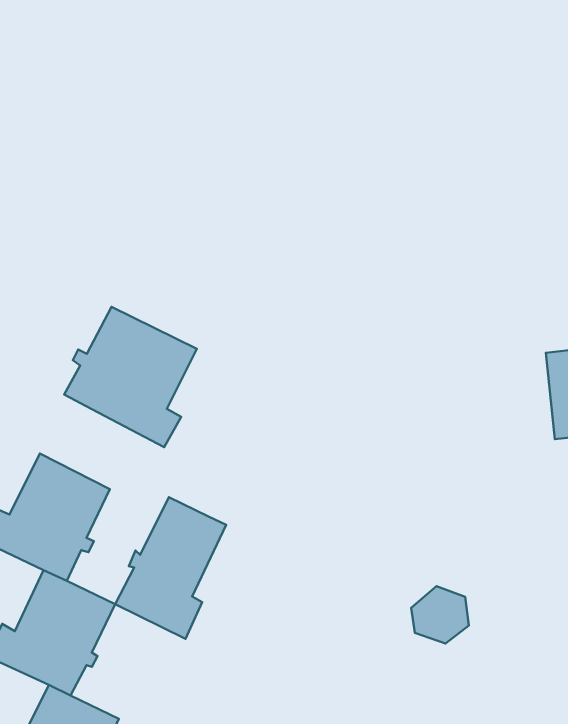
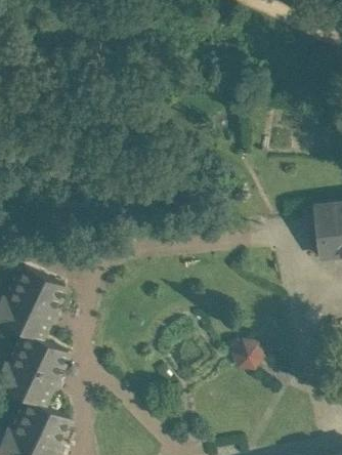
building: [64,307,197,447] -> none
building: [115,497,226,639] -> none

